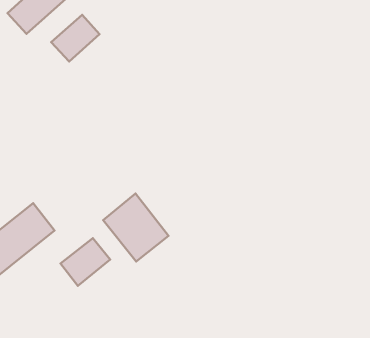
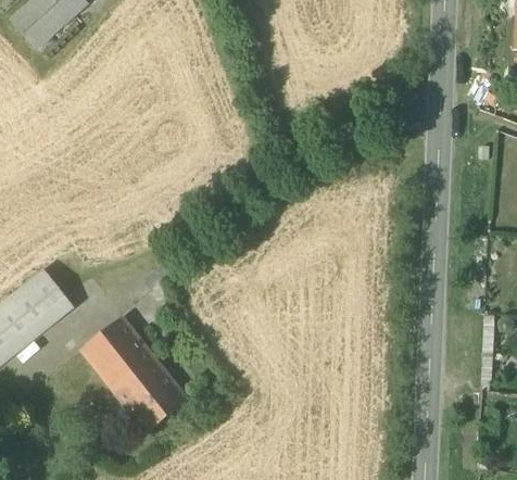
building: [51,15,99,61] -> none
building: [103,194,168,261] -> [103,344,189,433]

